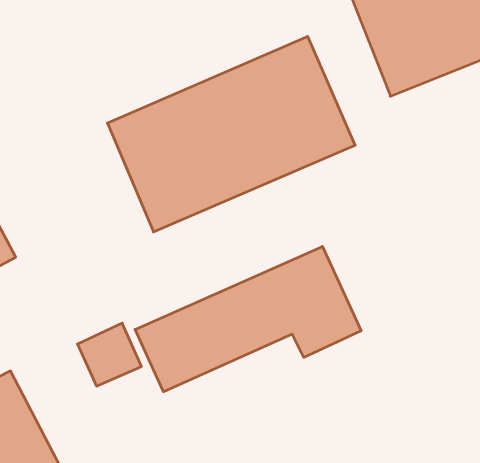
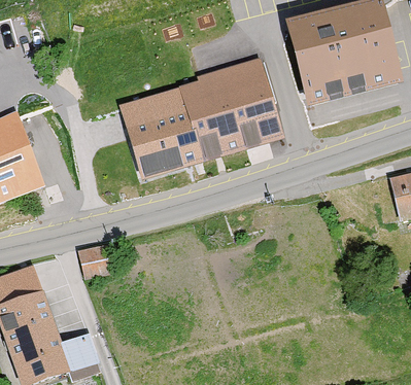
building: [135,246,361,392] -> none

